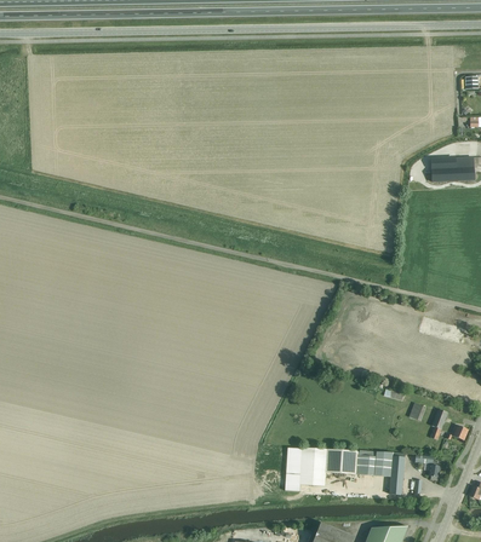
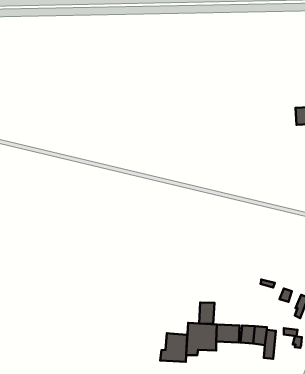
building: none -> [199,302,214,324]
building: none -> [160,333,187,362]

